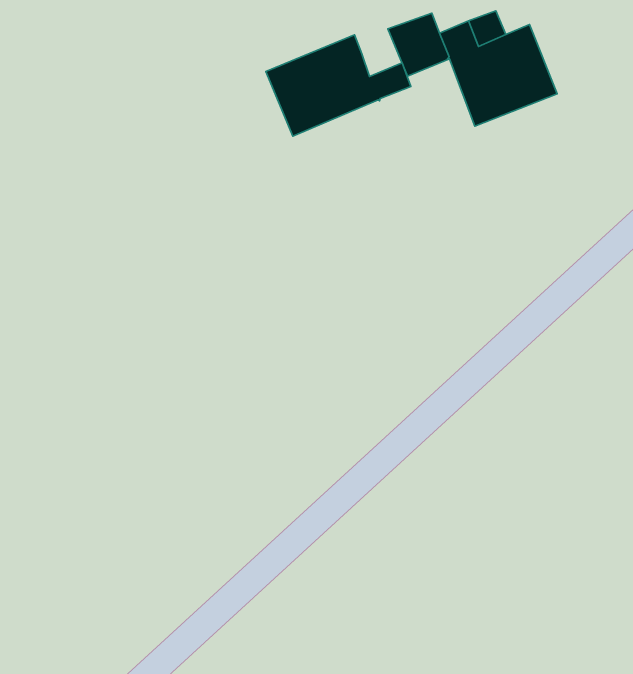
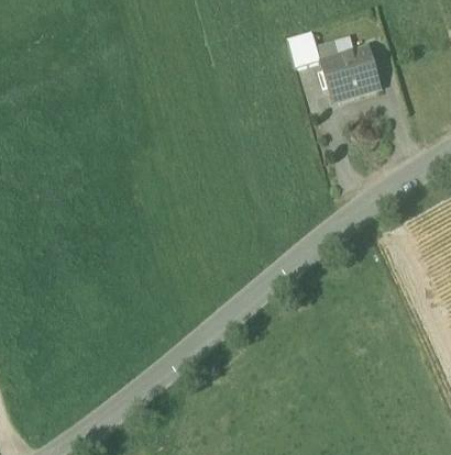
building: [266,35,411,136] -> none

